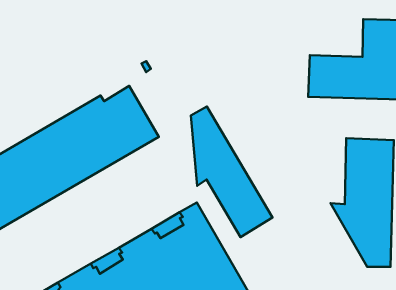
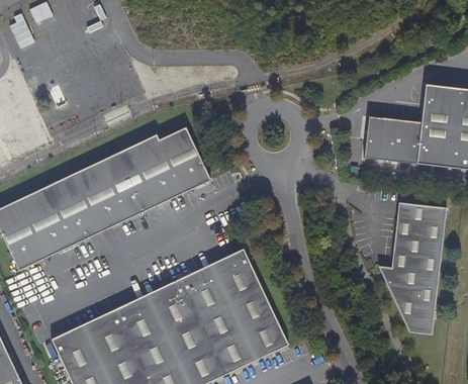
building: [191,106,273,237] -> none

